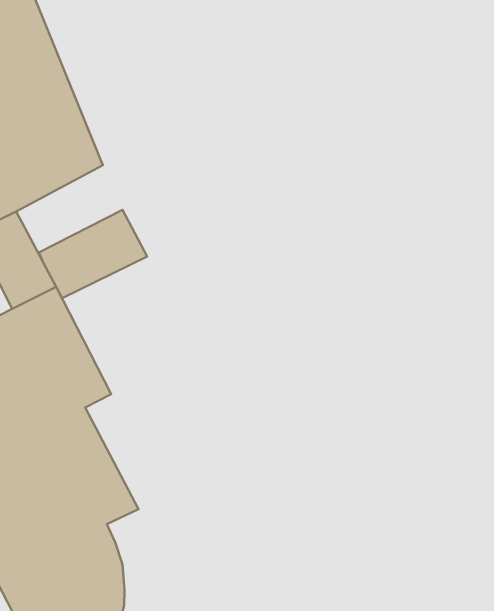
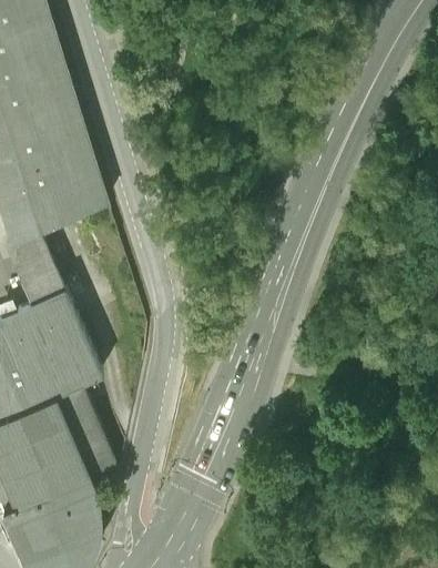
building: [39,210,147,298] -> none

